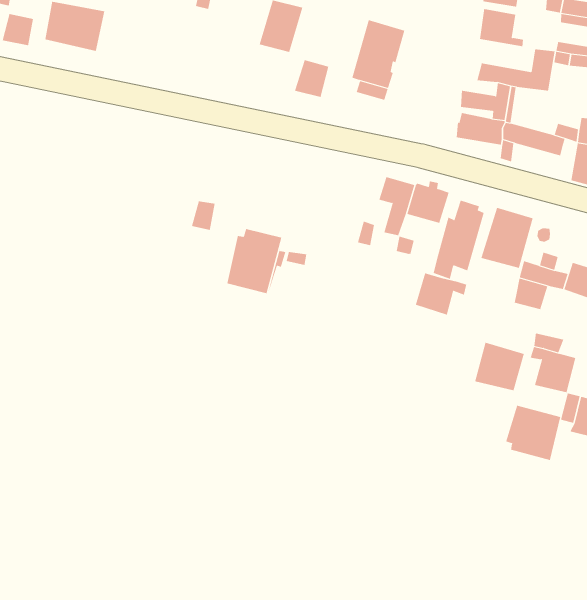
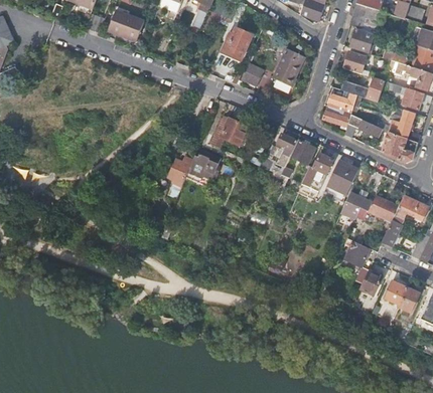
building: none -> [221,116,249,144]
building: none -> [167,154,193,197]
building: [415,273,467,315] -> none
building: [474,342,525,391] -> none
building: [506,405,561,461] -> none

